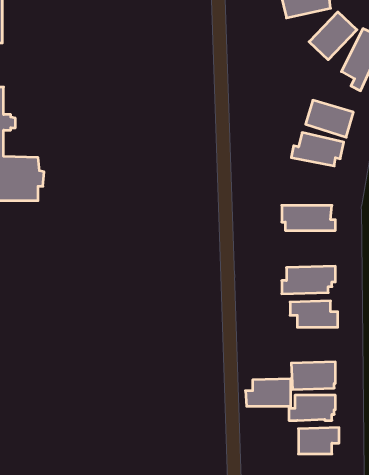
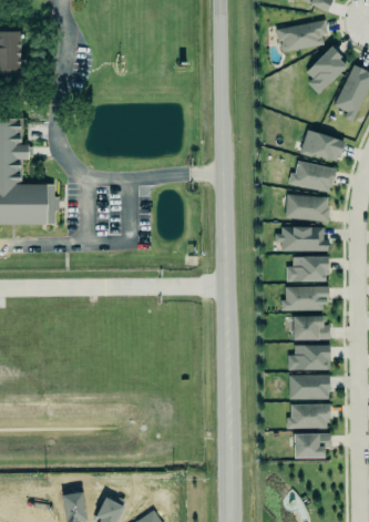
building: none -> [285,192,329,219]
building: none -> [288,256,329,282]
building: [245,379,291,406] -> [289,345,331,370]

